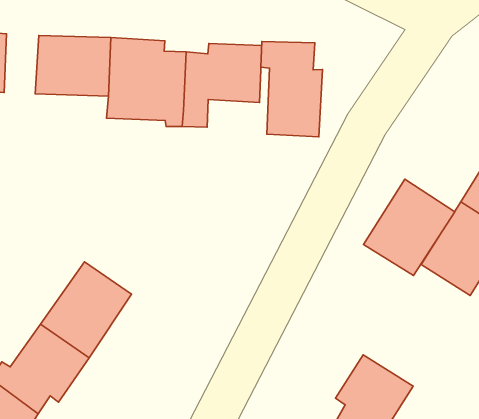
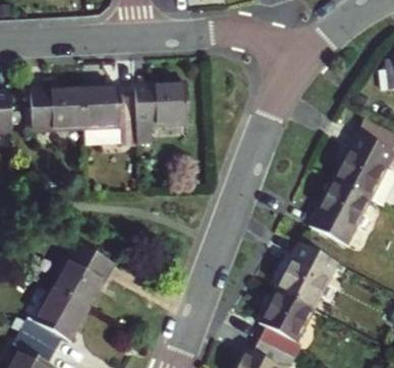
building: [261,42,322,137] -> none
building: [363,179,455,276] -> [276,242,337,308]

